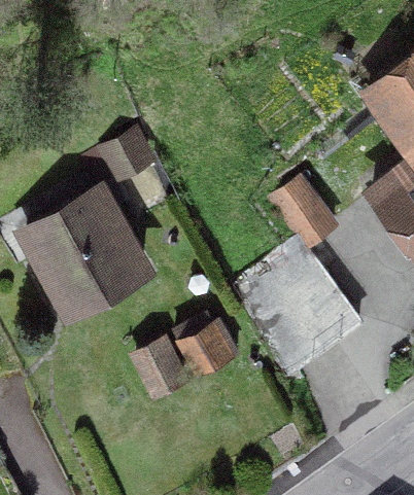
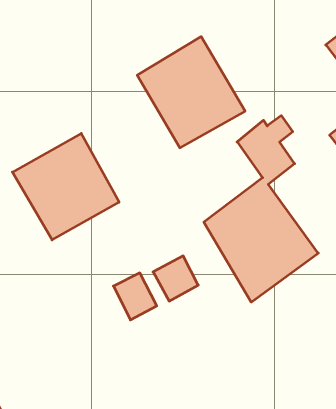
building: none -> [137,37,245,148]

